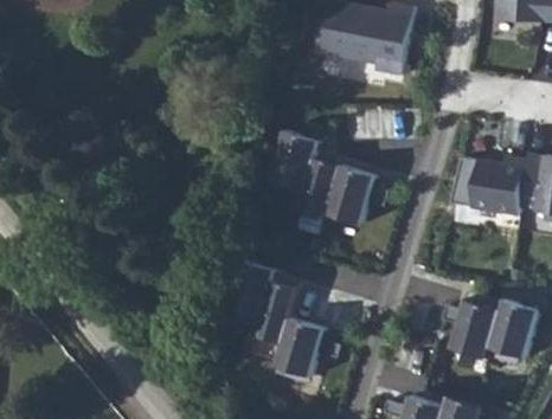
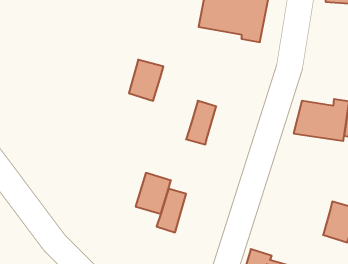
building: [270,133,319,191] -> [129,60,163,101]
building: [326,167,376,225] -> none
building: [450,299,501,360] -> none
building: [274,320,325,378] -> none

